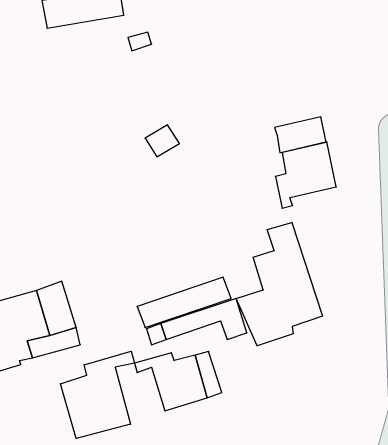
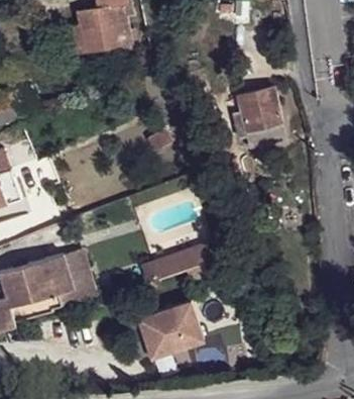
building: [275,142,336,208] -> [234,85,280,135]
building: [236,222,322,346] -> none
building: [60,351,134,438] -> none

